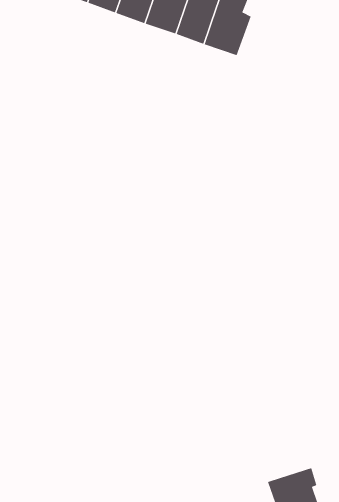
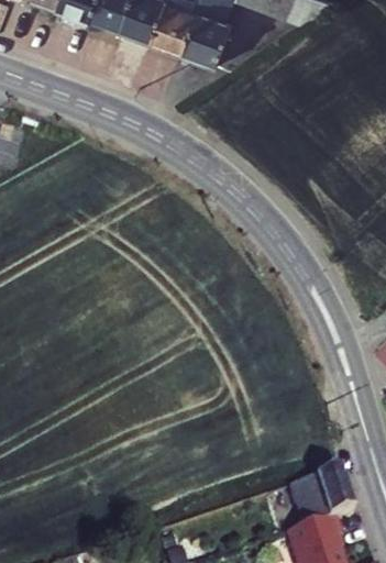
building: none -> [284,471,352,530]

